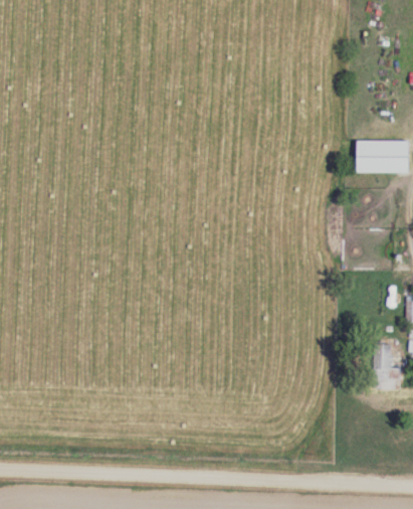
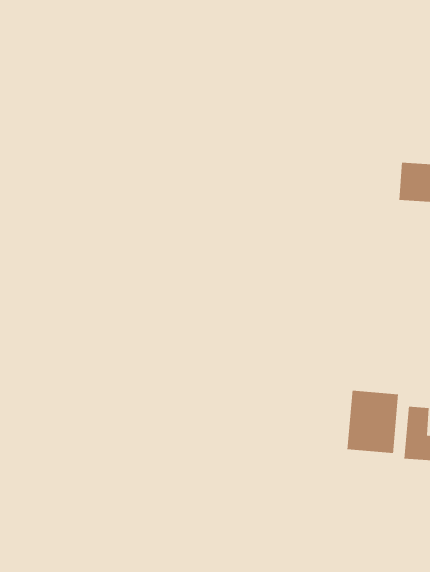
building: none -> [347,390,399,454]

